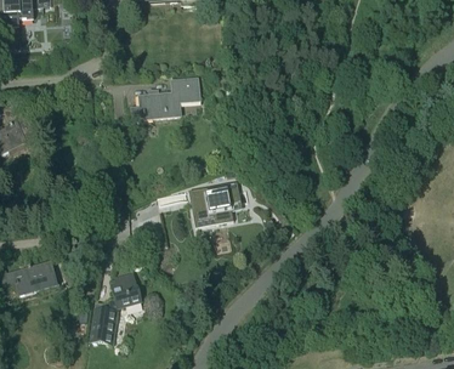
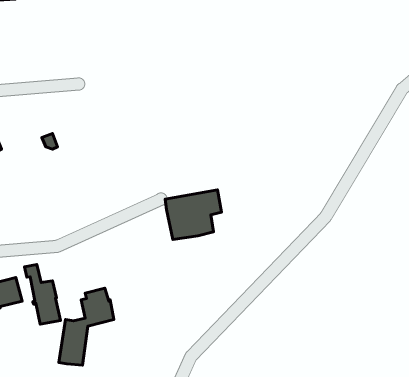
building: [131,74,202,118] -> none
building: none -> [24,264,61,324]

